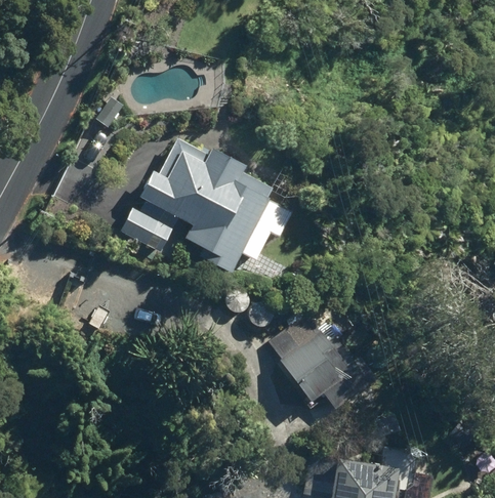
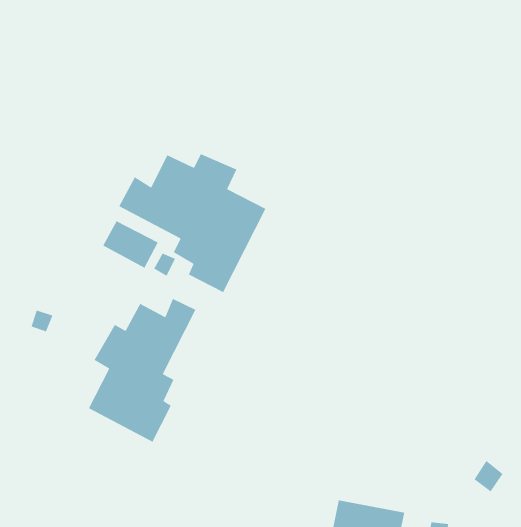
building: none -> [88,298,196,443]
building: [273,318,375,410] -> none

